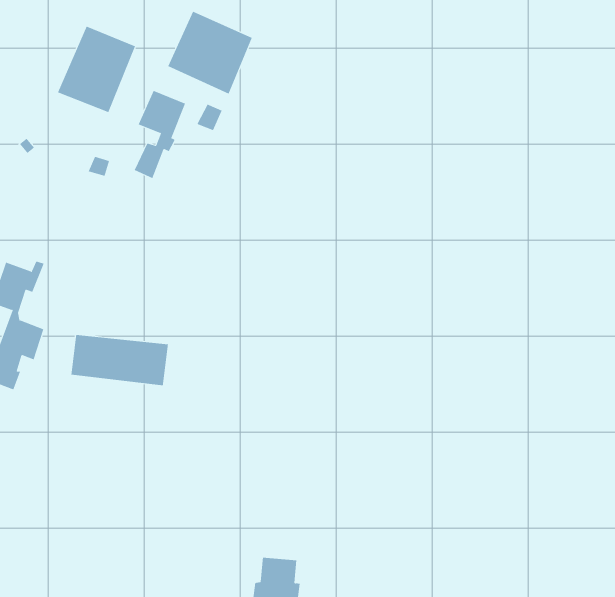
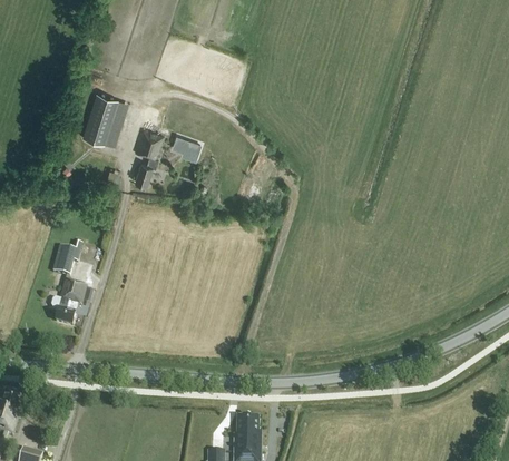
building: [168,11,252,95] -> none
building: [71,334,169,386] -> none

